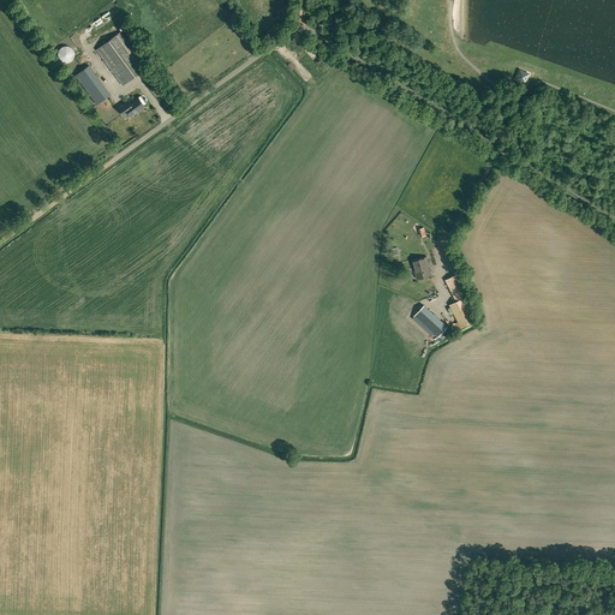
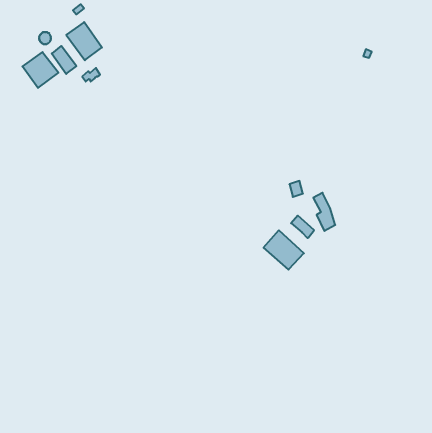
building: none -> [22,52,58,88]
building: none -> [264,230,304,270]

